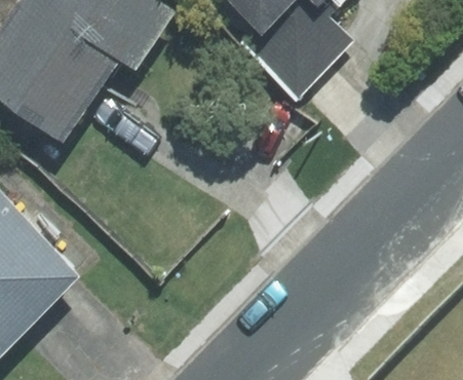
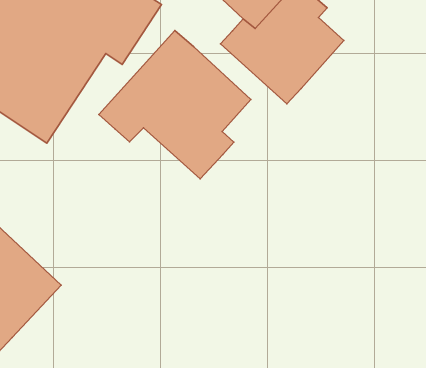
building: none -> [99,30,251,179]

